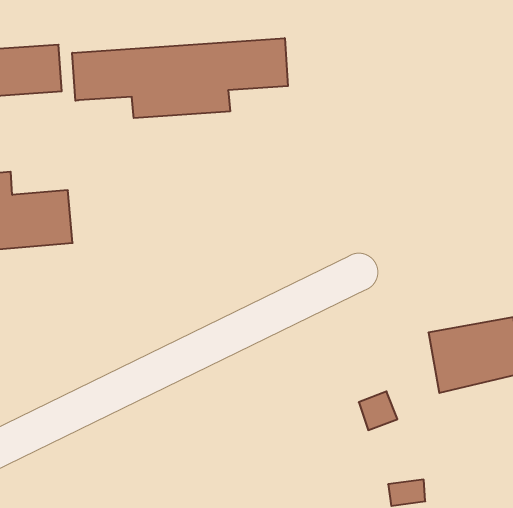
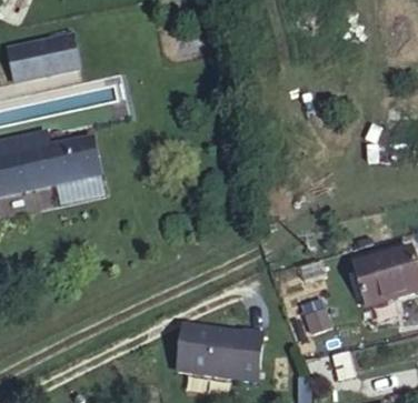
building: [72,38,288,118] -> none
building: none -> [177,316,262,372]

